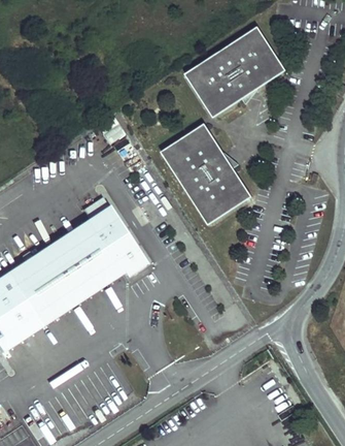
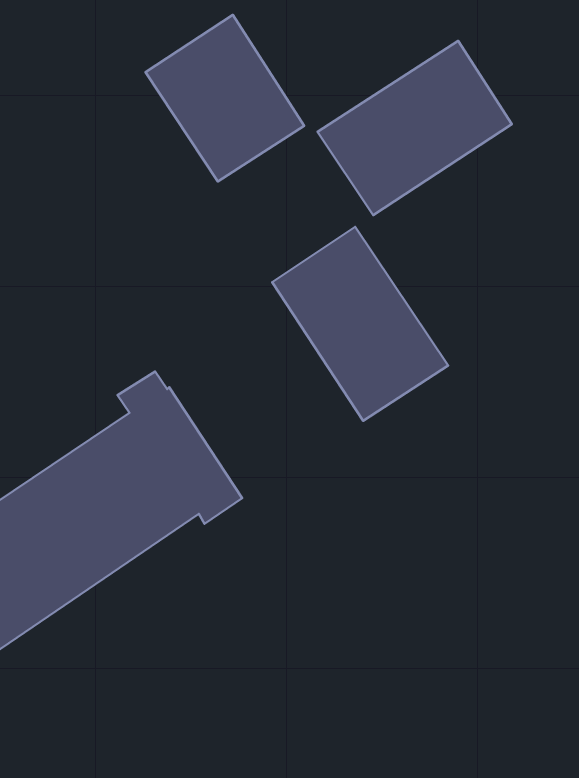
building: none -> [146,15,304,182]

